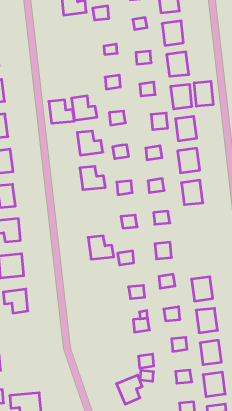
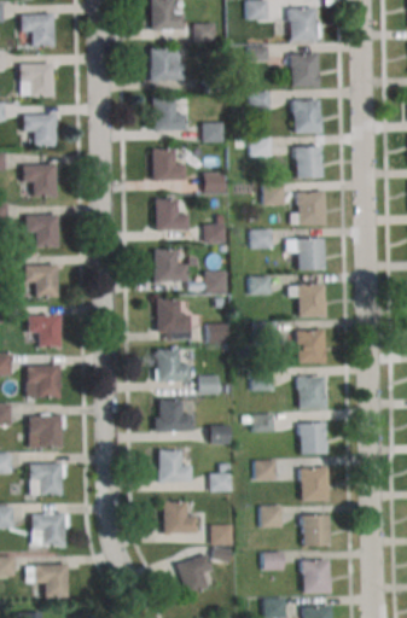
building: none -> [151,48,184,81]
building: [194,81,213,106] -> none
building: [49,100,74,123] -> [153,99,187,130]
building: none -> [158,299,191,332]
building: none -> [296,330,324,362]
building: none -> [297,377,325,409]
building: none -> [155,400,193,433]
building: none -> [159,450,192,483]
building: none -> [29,462,63,494]
building: none -> [164,502,197,534]
building: none -> [31,512,64,546]

